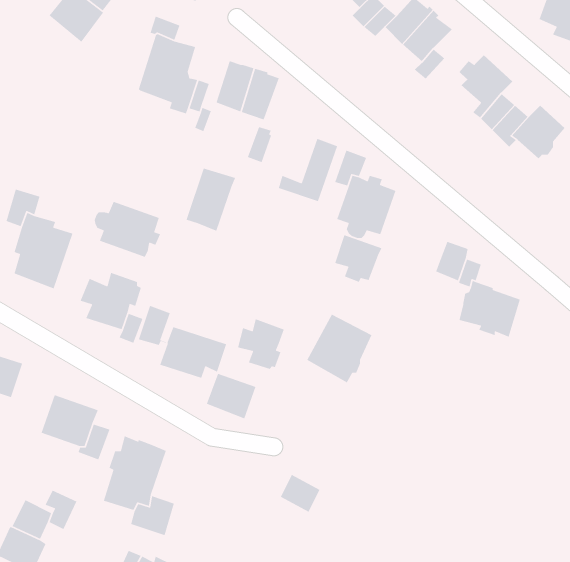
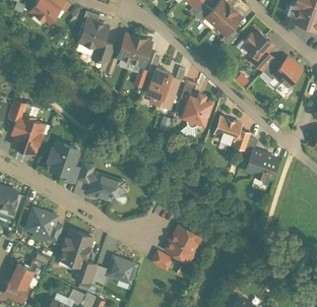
building: [186,168,236,232] -> [146,64,173,98]
building: [94,201,161,258] -> none
building: [334,234,383,283] -> [215,117,241,142]
building: [306,313,372,383] -> [166,226,200,262]
building: [237,318,285,370] -> none
building: [206,373,256,420] -> [108,257,134,282]

